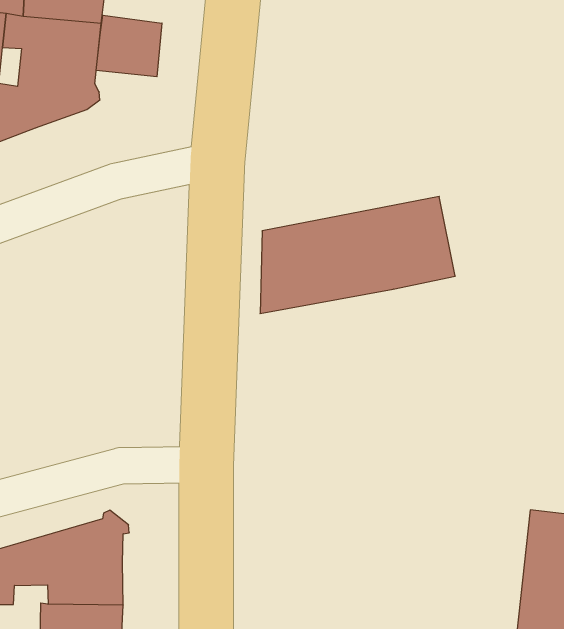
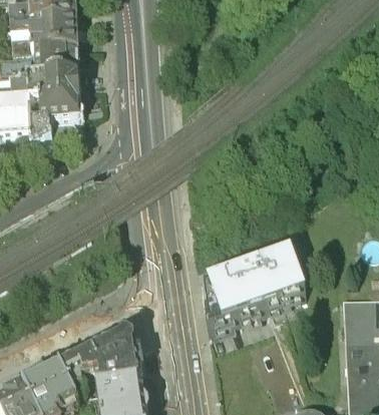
building: [96,15,162,77] -> none
building: [260,196,455,314] -> [201,247,305,323]

